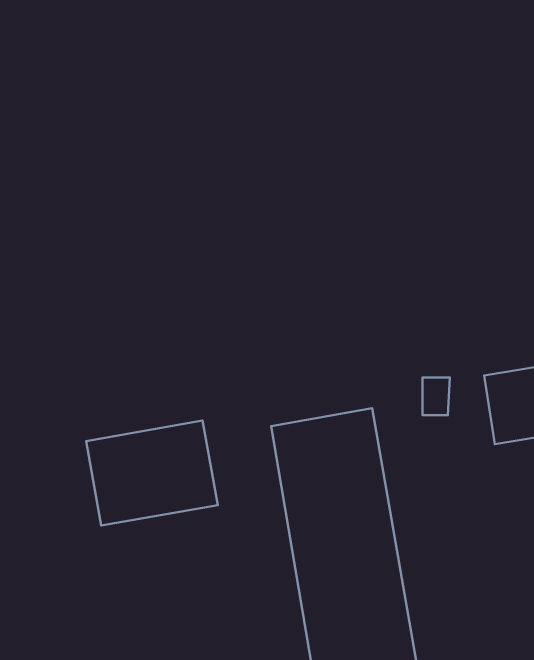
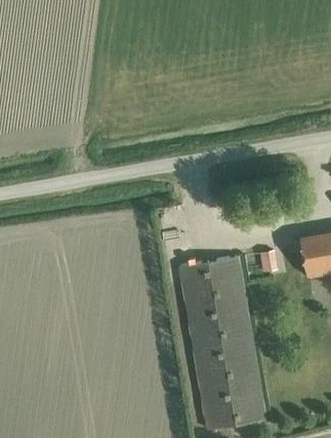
building: [86,421,218,526] -> none

